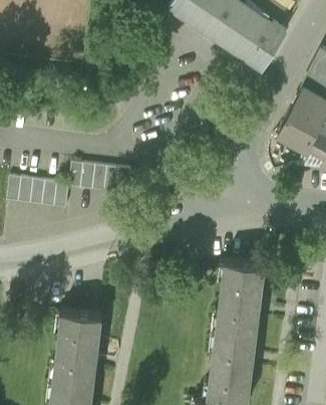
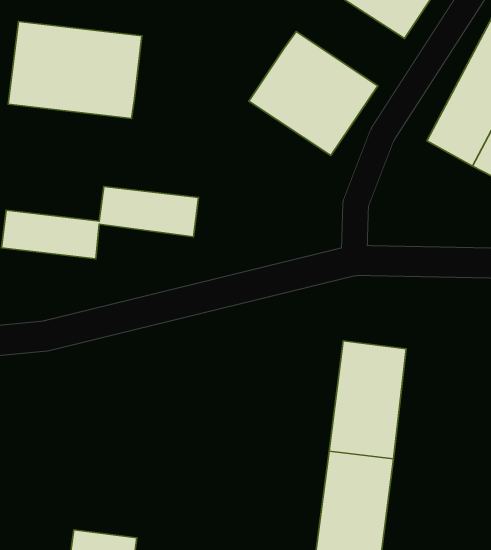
building: none -> [8,21,142,119]
building: none -> [249,31,378,156]
building: [53,310,102,385] -> none

